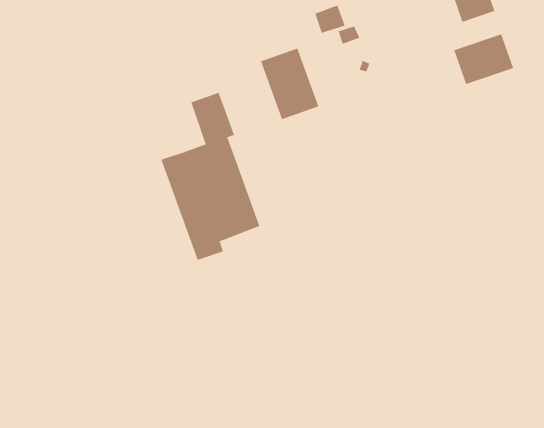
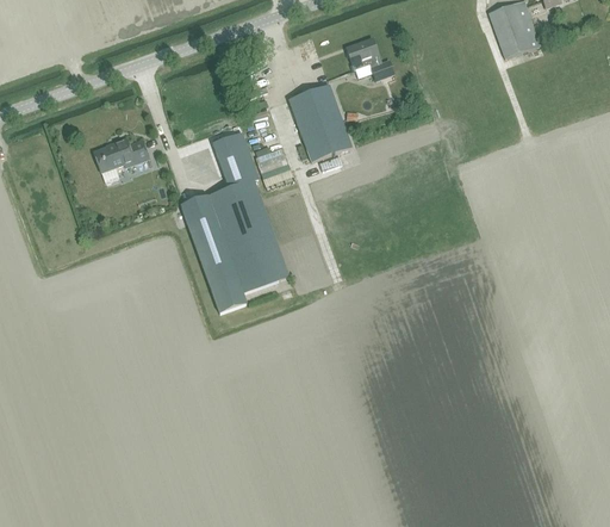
building: [453,33,514,85] -> none
building: none -> [94,136,148,180]

